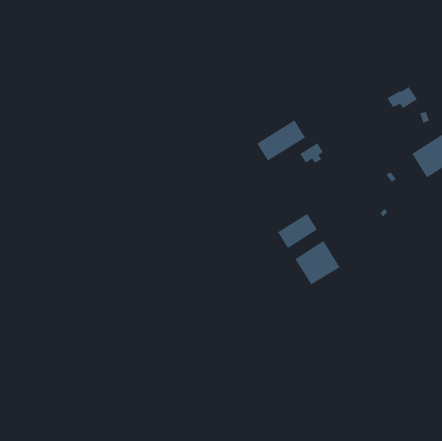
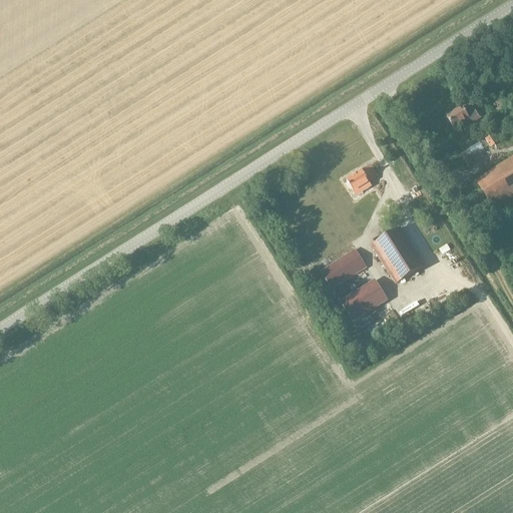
building: [257,119,306,161] -> none
building: none -> [376,224,426,280]

